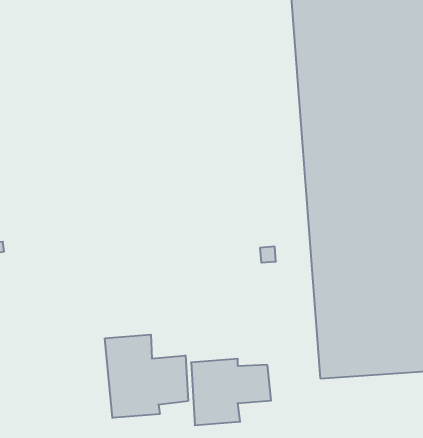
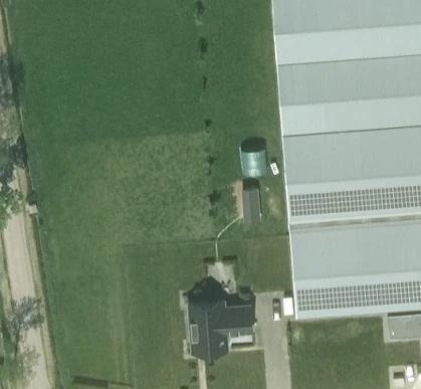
building: [105,335,188,418] -> none

